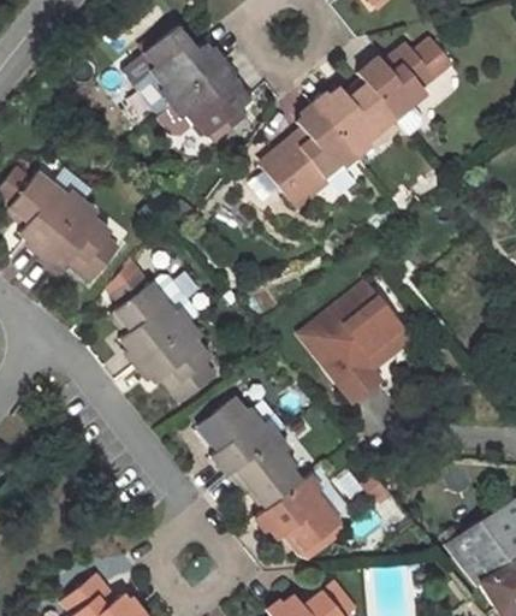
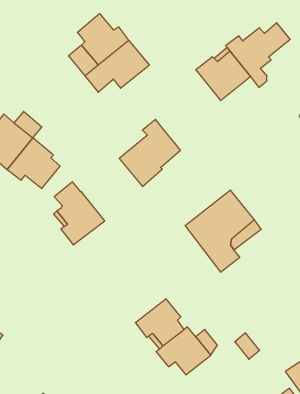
building: [263,107,352,205] -> [119,119,180,187]
building: [138,326,214,399] -> none
building: [200,398,273,475] -> none

